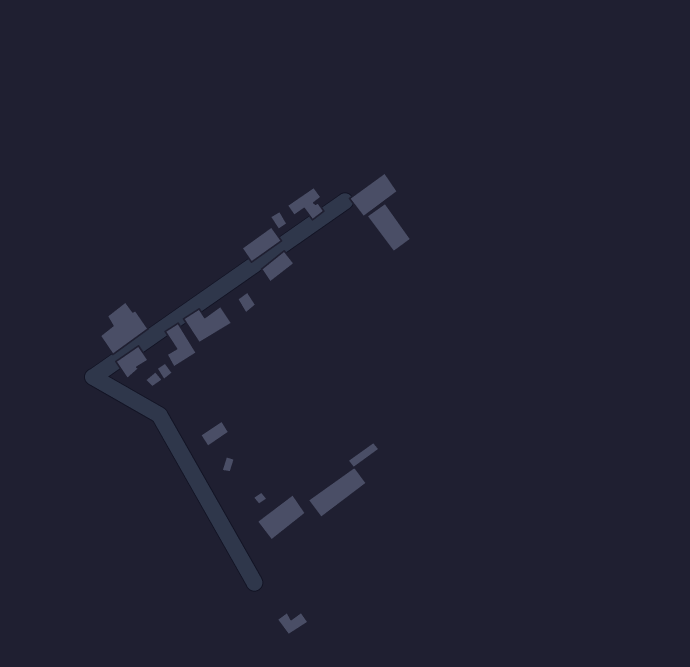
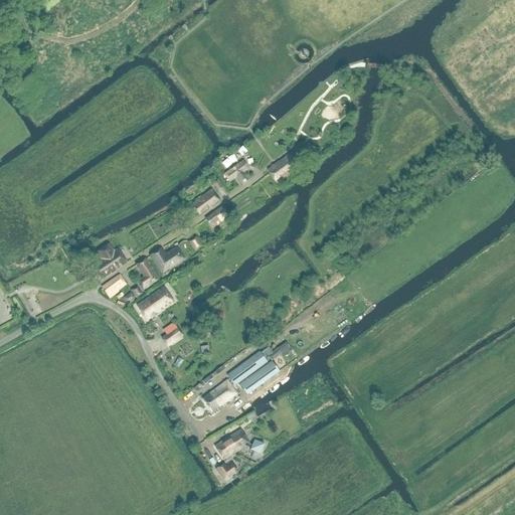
building: [367,203,411,251] -> none
building: none -> [138,286,172,318]
building: none -> [226,349,267,385]
building: none -> [215,428,264,457]

